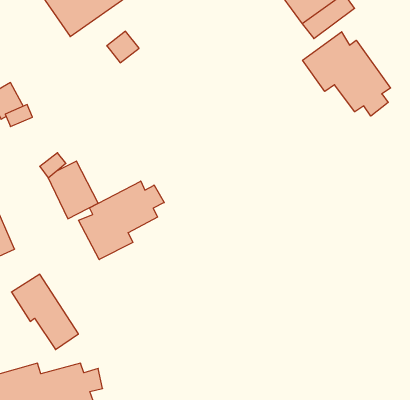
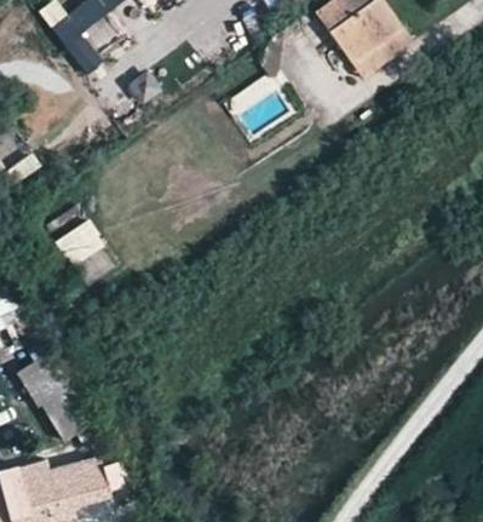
building: [303,32,391,116] -> none
building: [79,181,164,260] -> none

